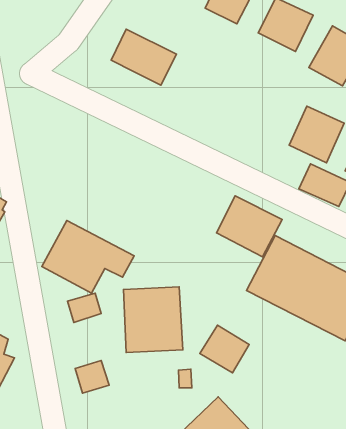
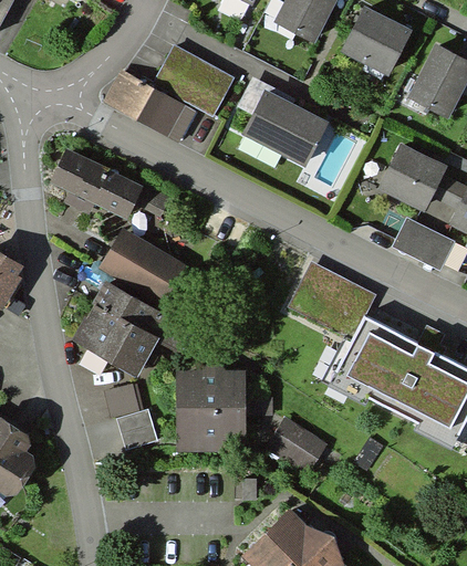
building: none -> [104,67,186,134]
building: none -> [242,91,330,168]
building: none -> [50,151,142,222]
building: none -> [96,229,184,305]
building: [75,361,109,393] -> [116,405,158,446]

